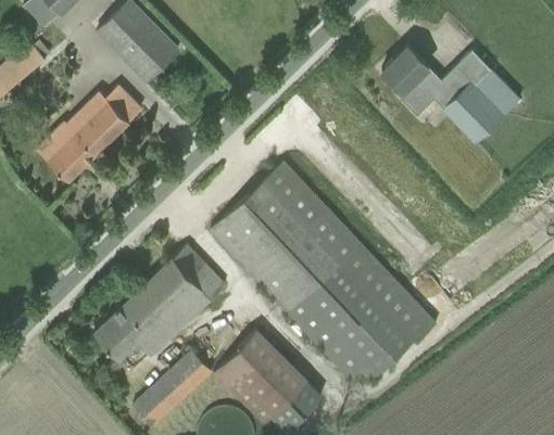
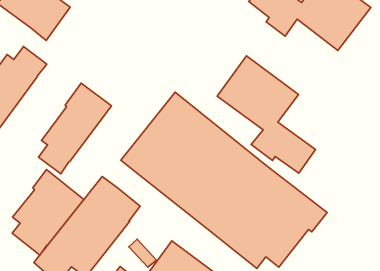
building: none -> [217,56,316,173]
building: none -> [38,83,112,174]
building: none -> [12,170,84,255]

